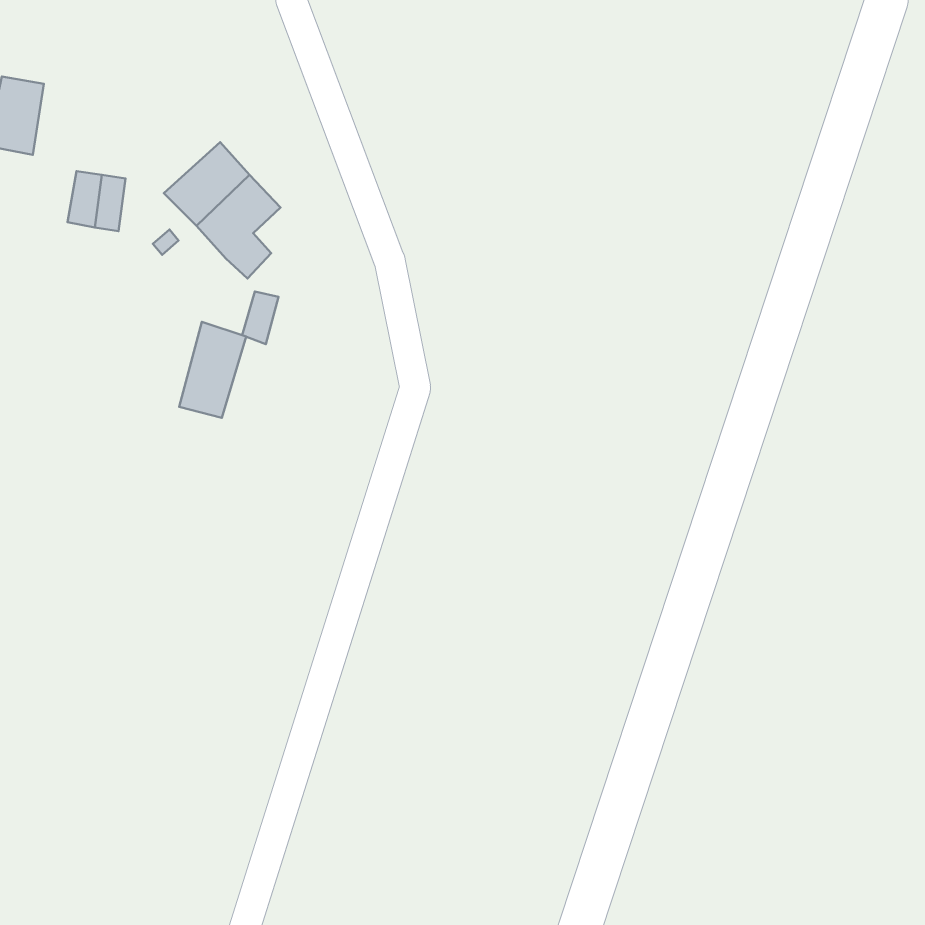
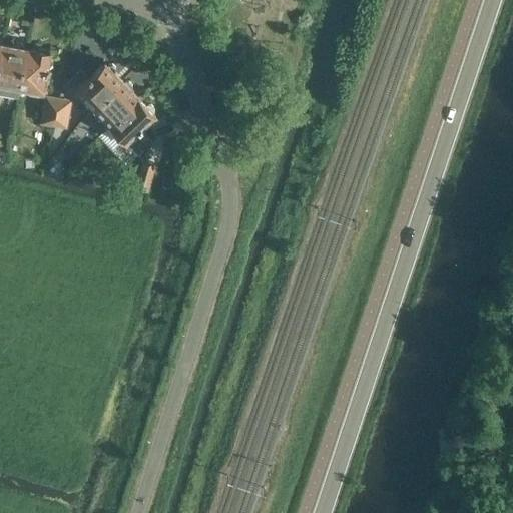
building: none -> [18,49,49,94]
building: none -> [72,63,121,109]
building: [179,322,246,418] -> none

